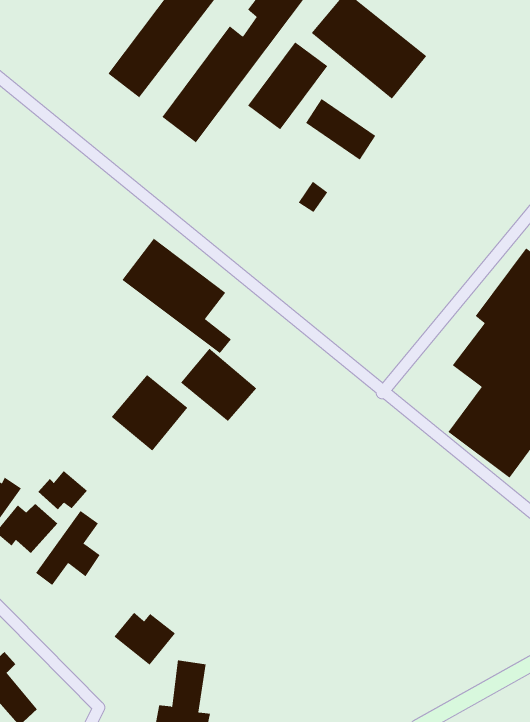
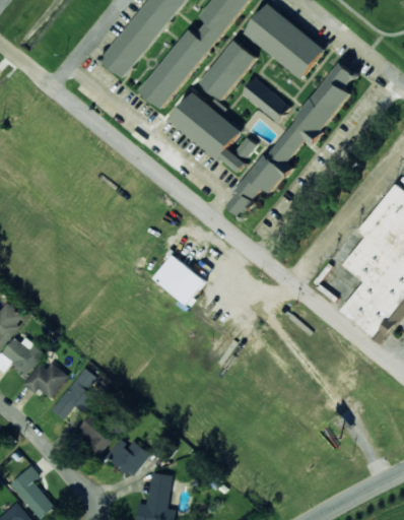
building: none -> [235,56,354,215]
building: [122,238,232,354] -> [167,91,245,173]
building: [111,374,188,452] -> none
building: [37,470,88,510] -> none
building: none -> [75,413,114,455]

